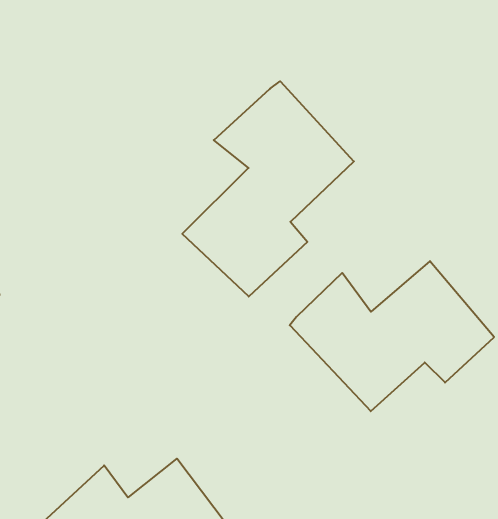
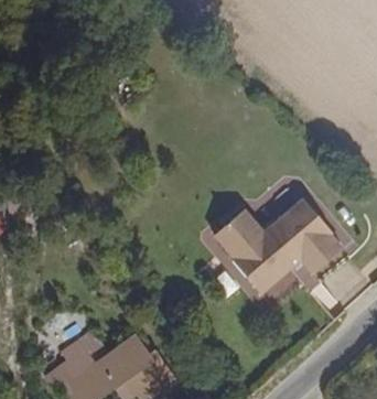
building: [182,81,354,297] -> none

